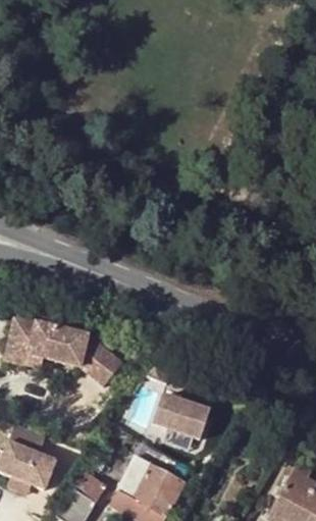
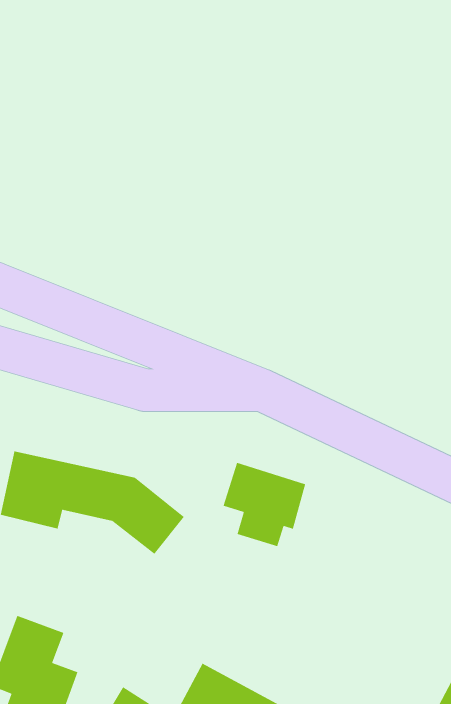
building: [153,396,207,451] -> [222,462,306,547]

